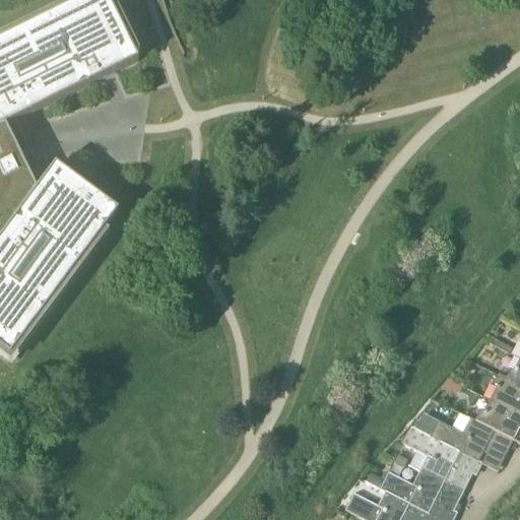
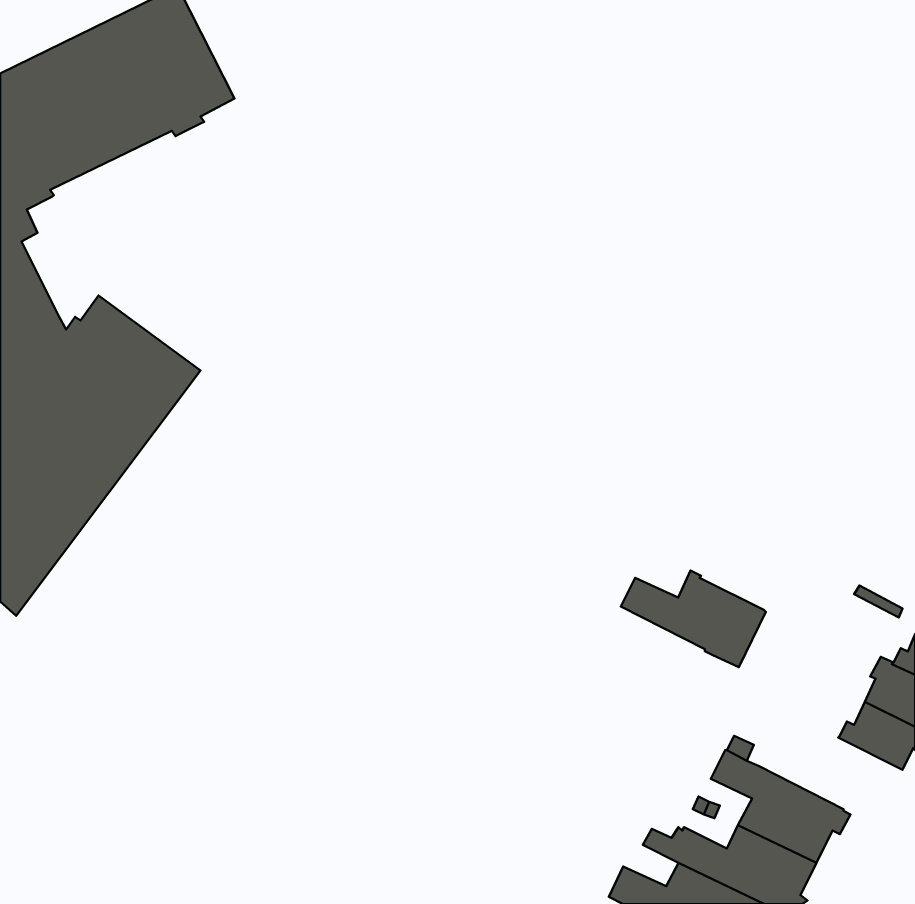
building: [431,414,513,469] -> [621,571,766,667]

